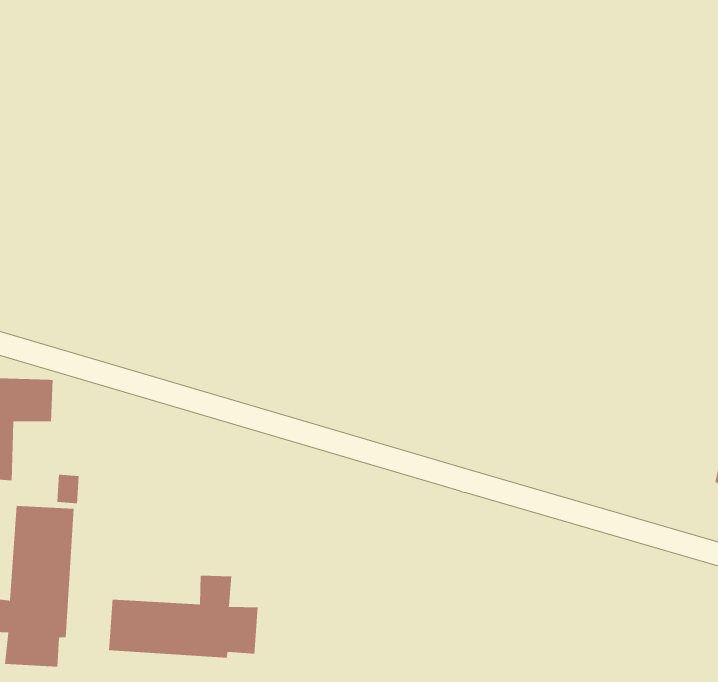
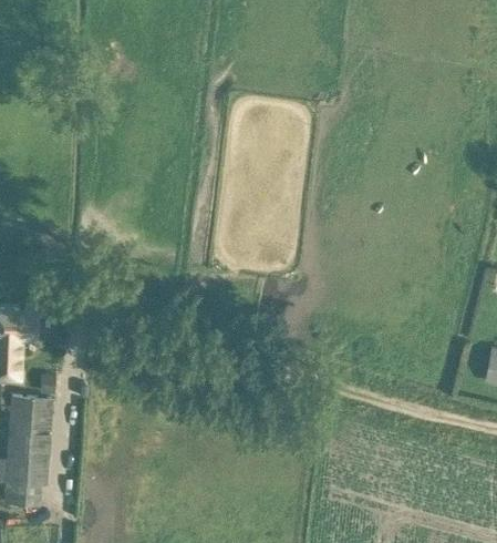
building: [109,575,258,658] -> none

